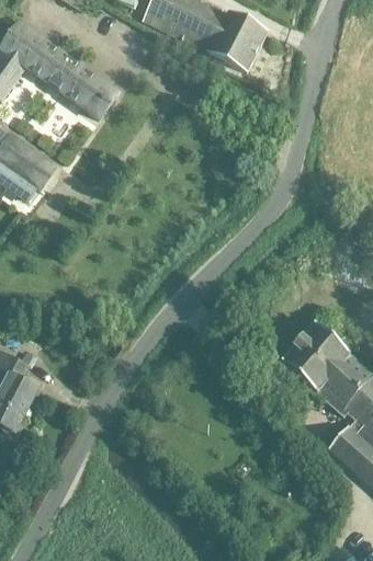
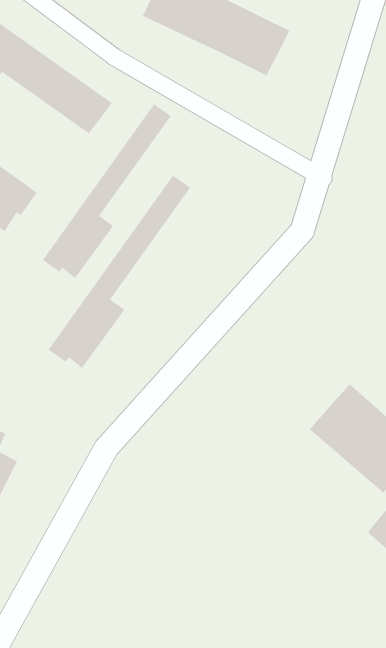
building: none -> [42,103,172,279]
building: none -> [48,174,191,369]

